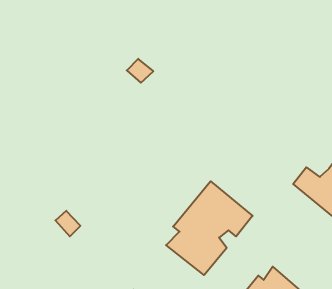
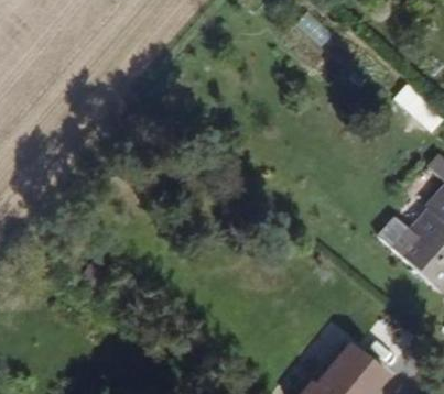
building: [166,181,253,275] -> none

